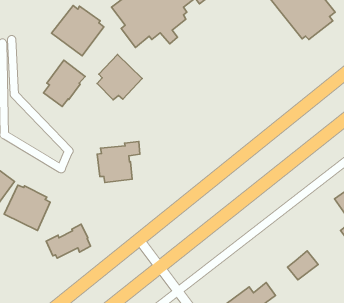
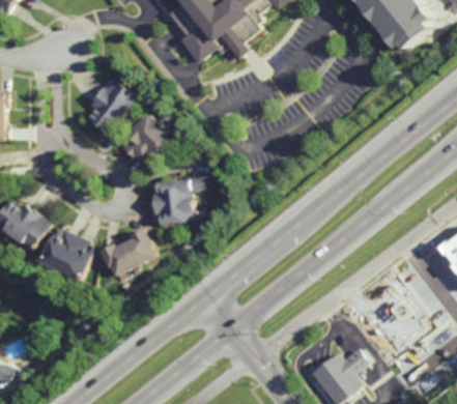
building: [52,6,104,56] -> none
building: [97,55,142,100] -> [120,114,175,169]
building: [46,224,91,258] -> [101,232,154,273]

